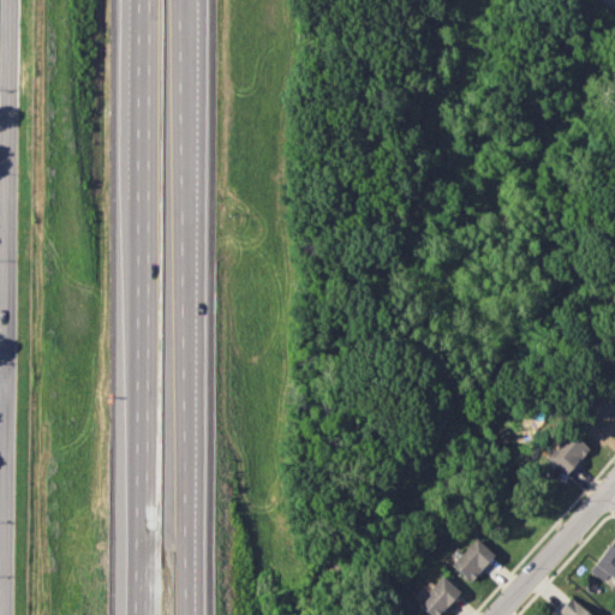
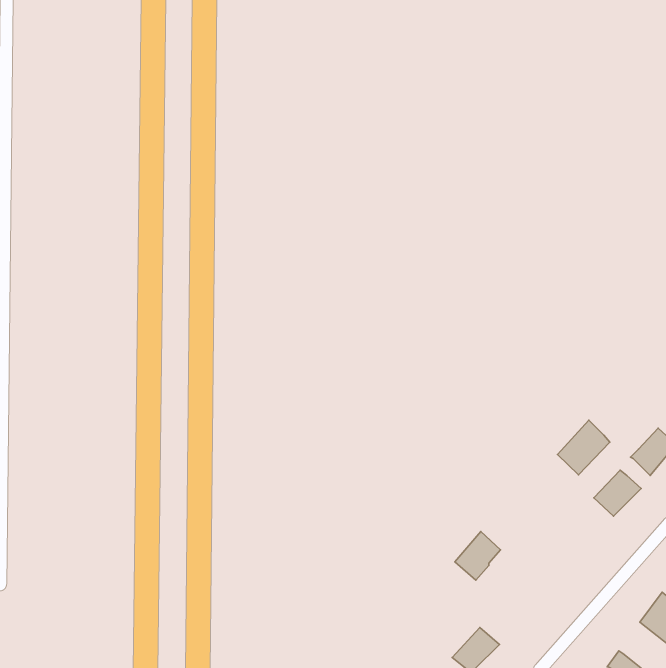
building: none -> [558,420,610,475]
building: [453,538,495,583] -> [455,532,501,580]

